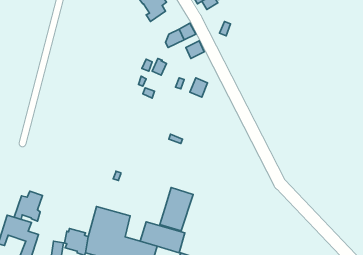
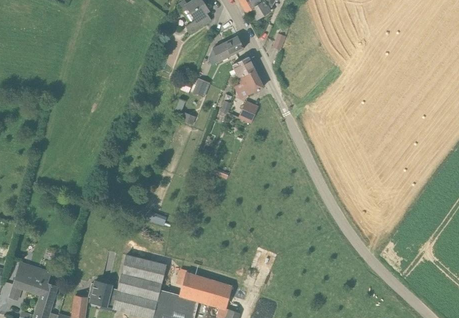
building: none -> [236,69,264,97]
building: [160,188,193,231] -> none
building: [14,191,42,221] -> none

